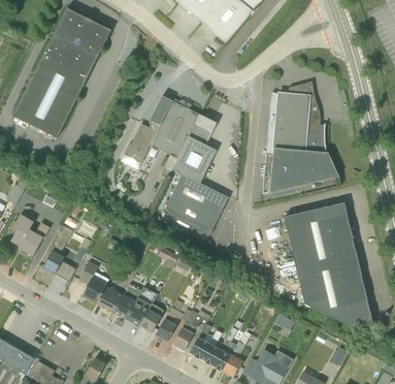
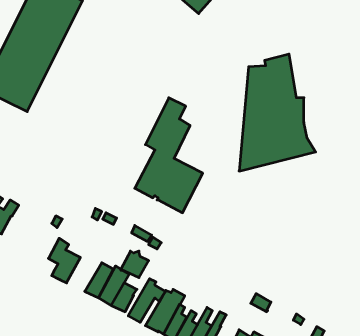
building: [121,96,199,170] -> none
building: [284,202,372,328] -> none
building: [43,227,76,281] -> none
building: [96,286,123,312] -> [121,251,149,278]

